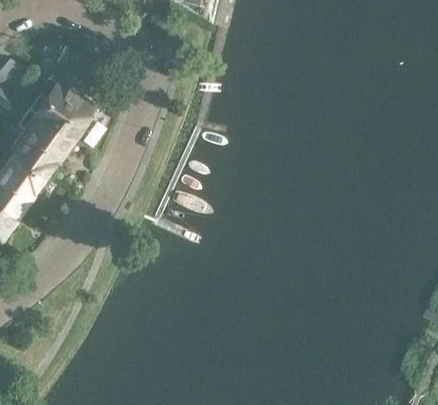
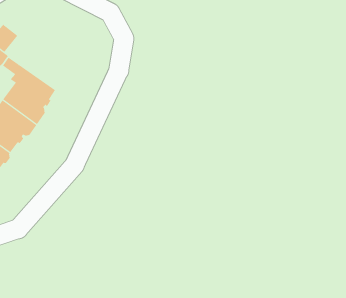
building: [30,75,96,136] -> none

